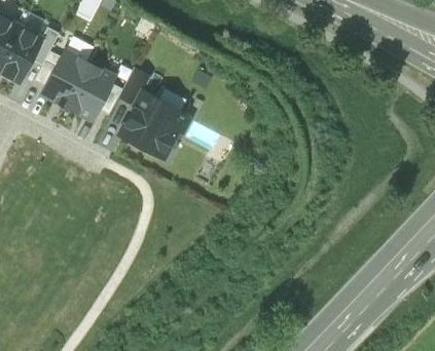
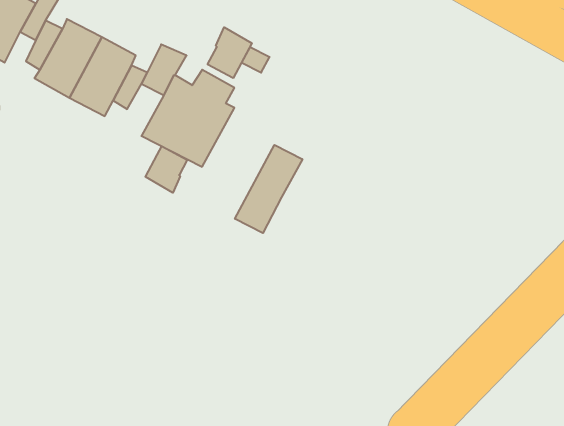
building: none -> [208,27,252,78]
building: none -> [235,145,302,233]
building: none -> [145,146,187,193]

